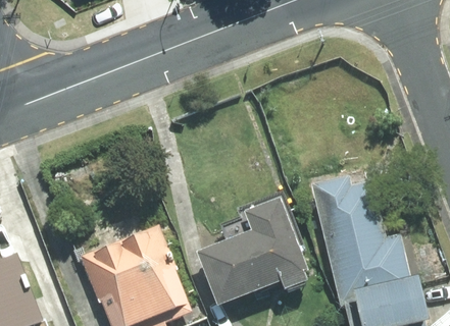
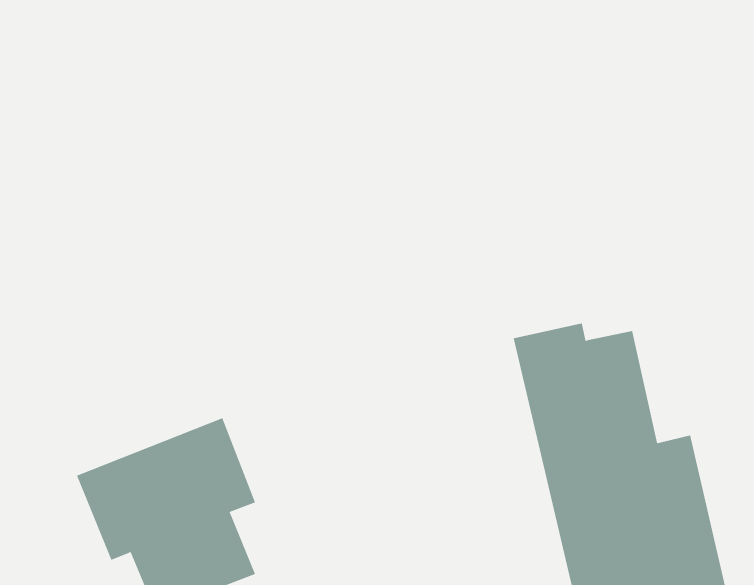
building: [195,198,308,307] -> none

